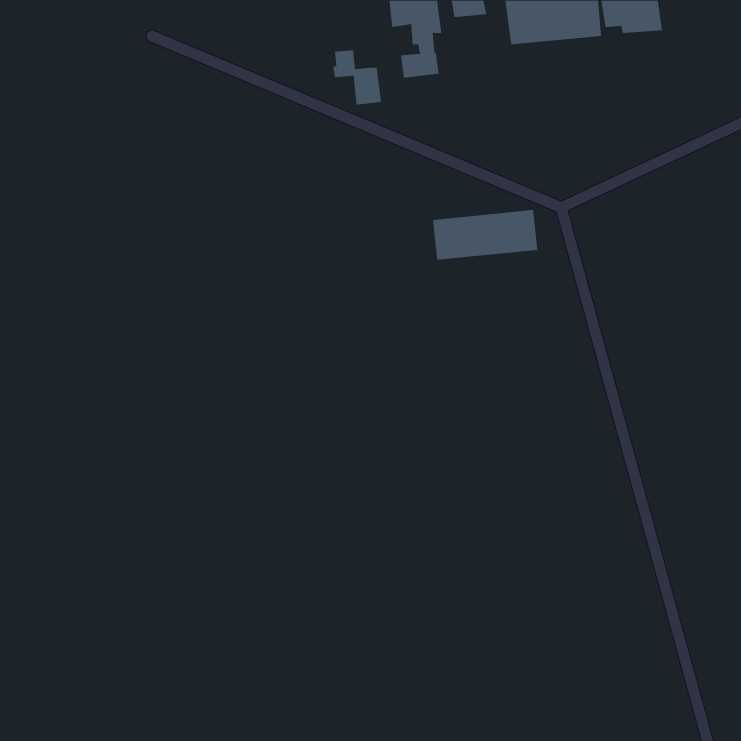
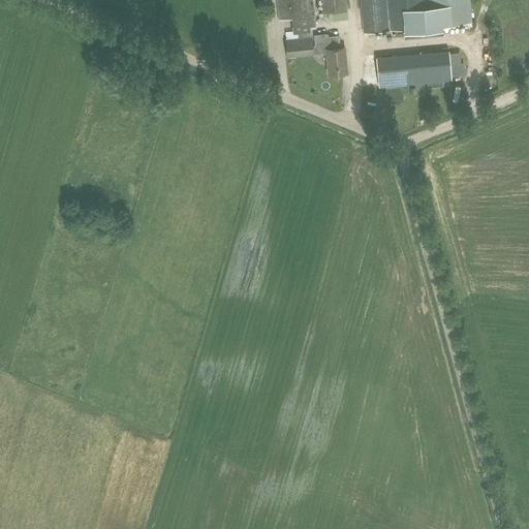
building: [333,50,382,105] -> [312,33,347,72]
building: [432,210,538,260] -> [376,50,452,86]

